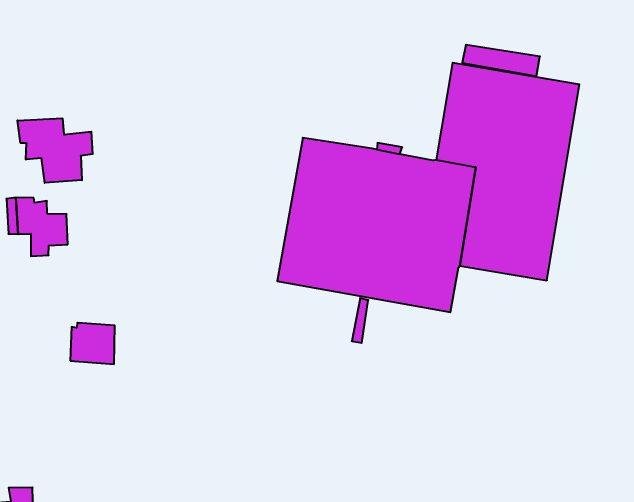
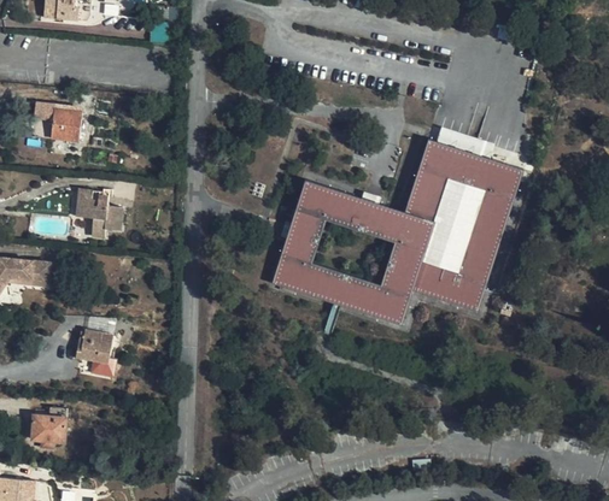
building: [17,118,93,183] -> none
building: [70,323,115,364] -> [75,329,112,364]

